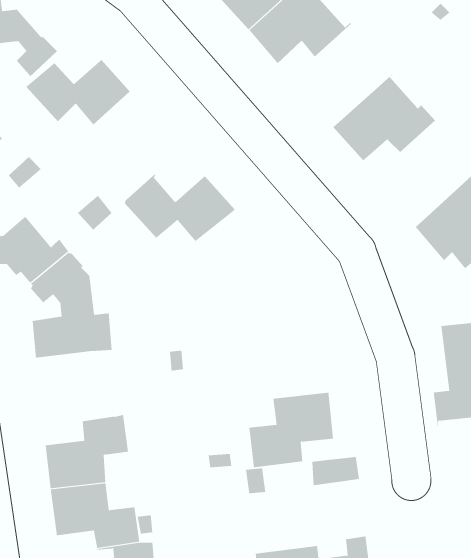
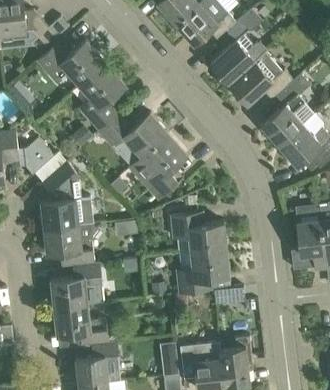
building: none -> [210,10,266,84]
building: none -> [80,62,124,129]
building: none -> [261,74,309,146]
building: none -> [130,136,185,199]
building: none -> [171,214,226,252]
building: none -> [44,223,97,268]

